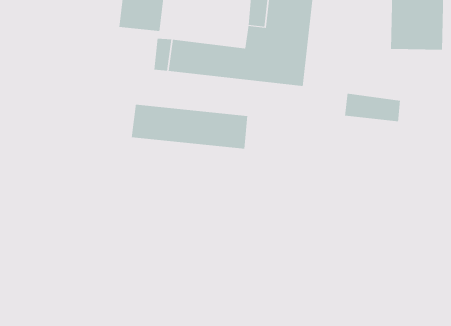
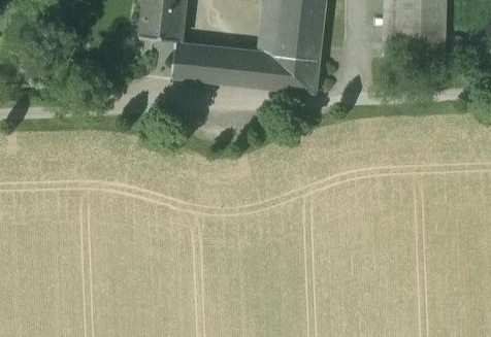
building: [345,93,401,122] -> none
building: [131,104,248,150] -> none

